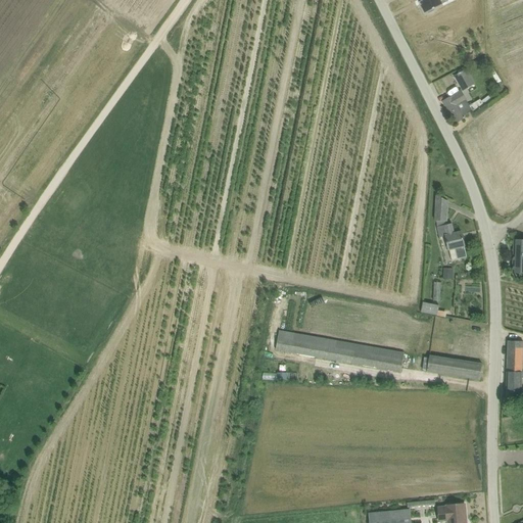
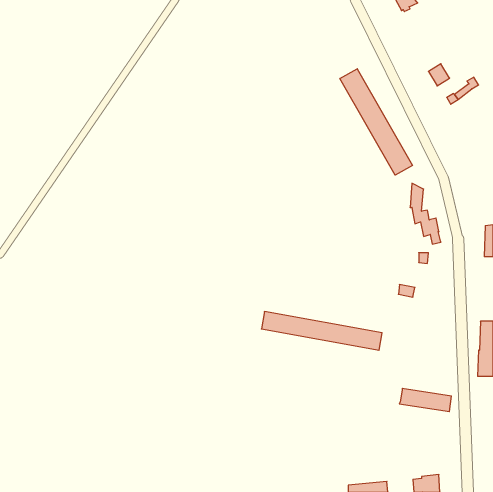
building: none -> [340,69,412,175]
building: [443,90,473,123] -> none
building: [427,354,482,379] -> [399,388,451,412]

